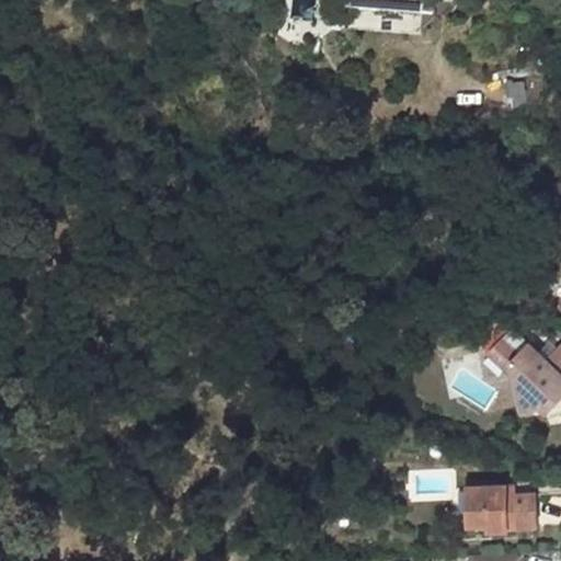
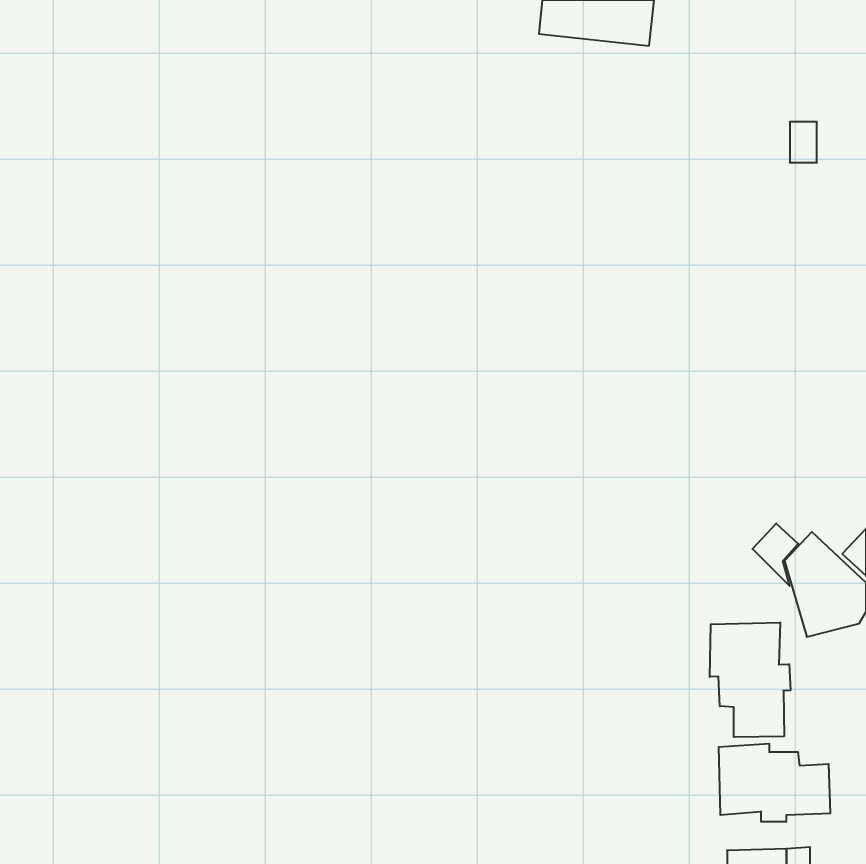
building: none -> [710,622,790,737]

